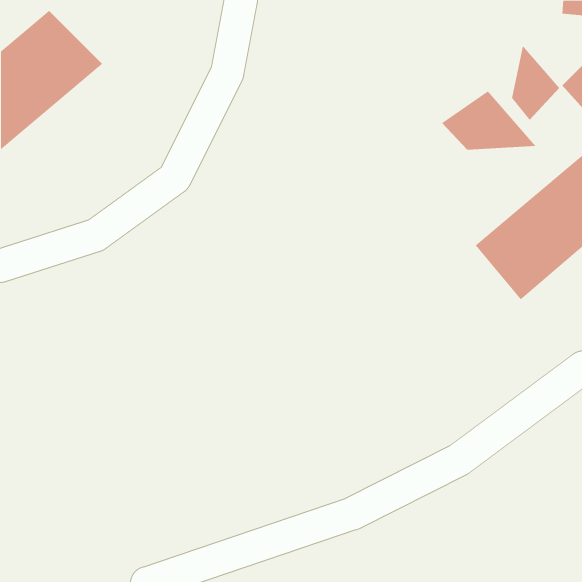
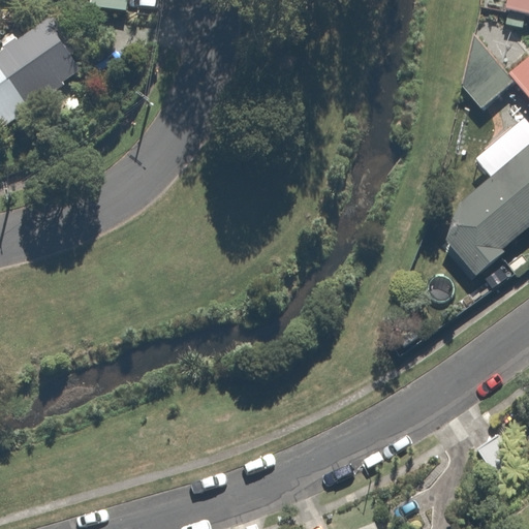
building: [441,91,536,150] -> none

